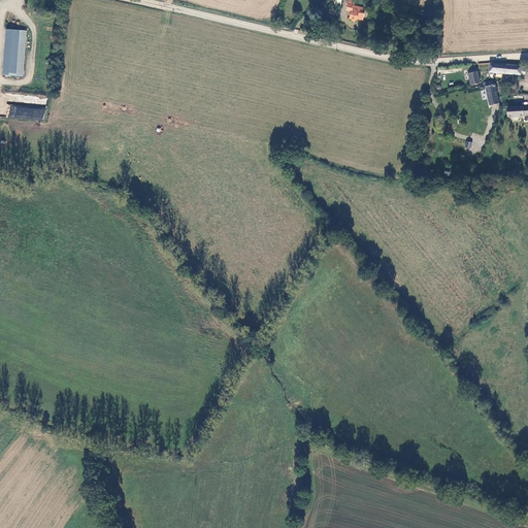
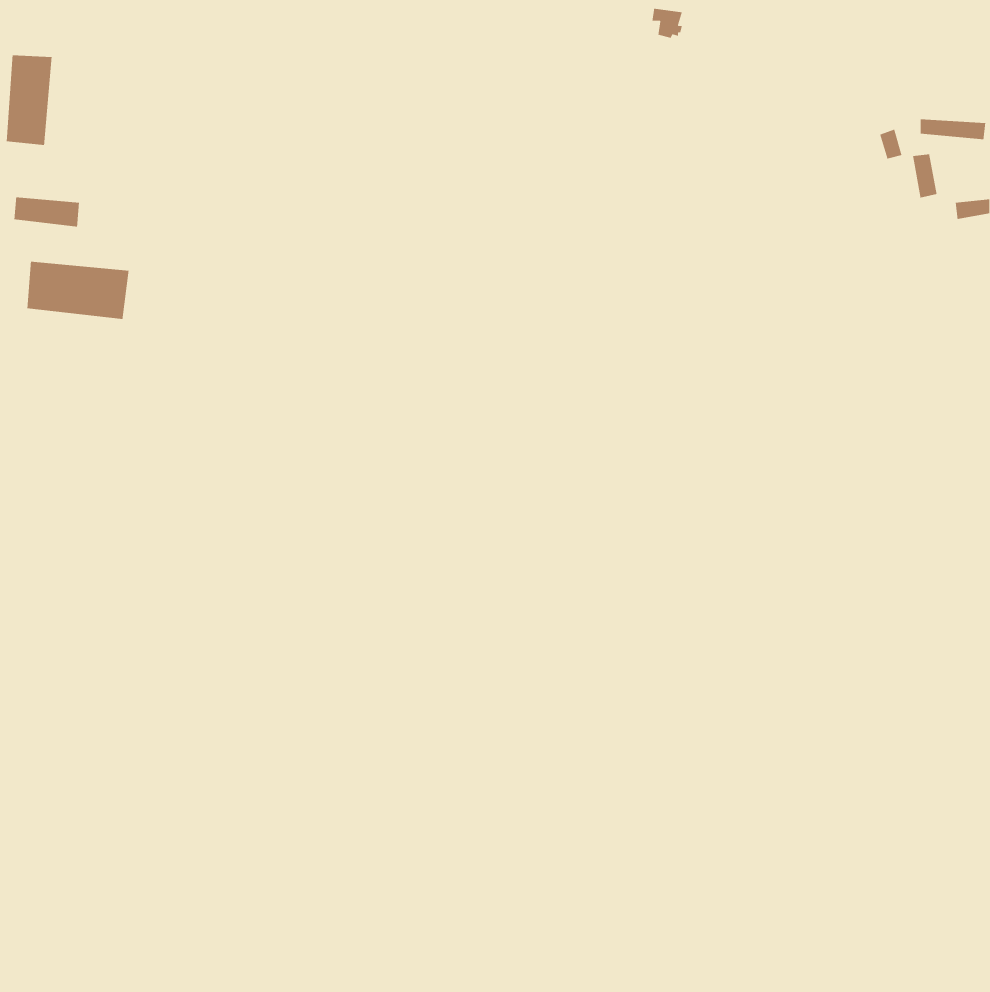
building: none -> [27,261,130,320]

